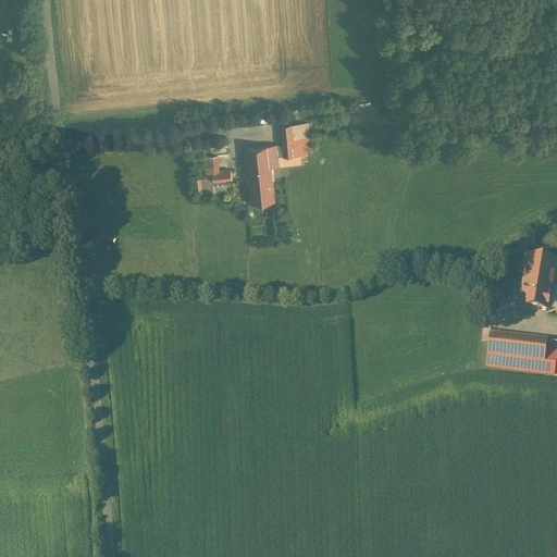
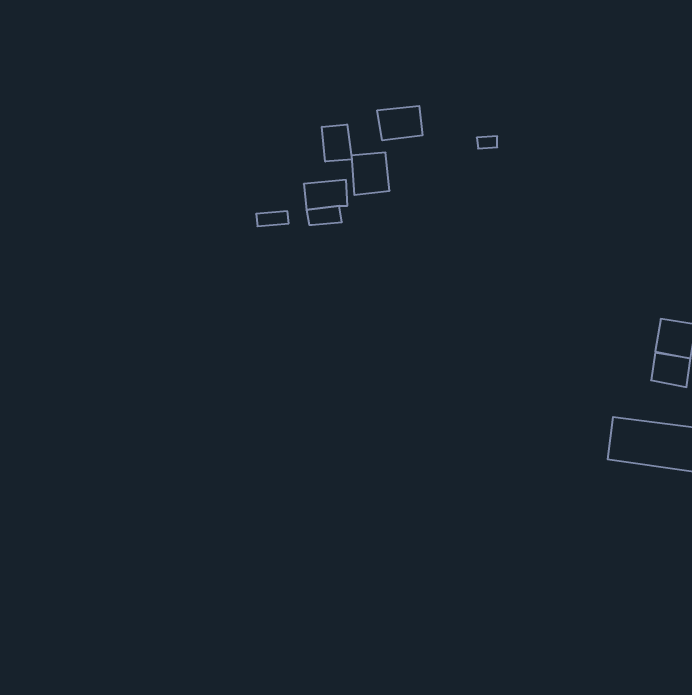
building: none -> [377,106,422,140]
building: none -> [322,124,352,162]
building: [252,177,278,201] -> none

